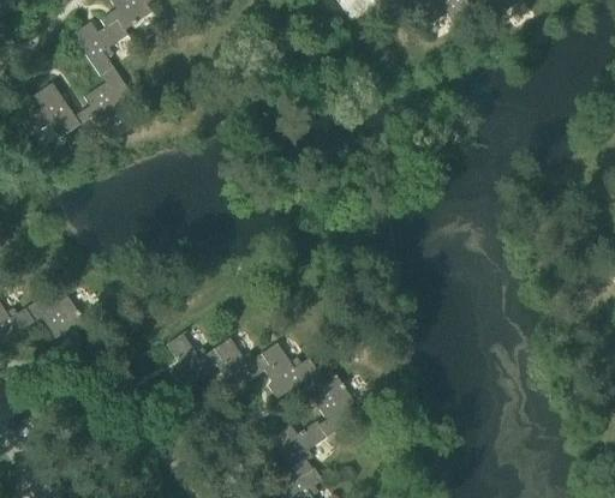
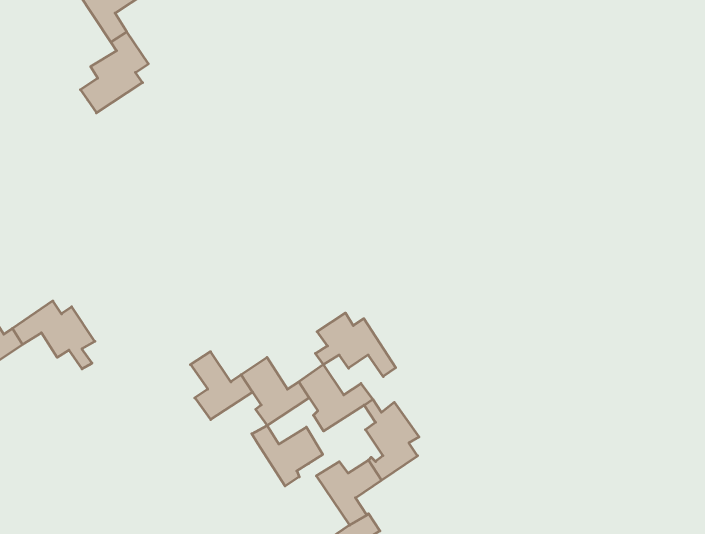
building: [20,82,80,136] -> none
building: none -> [315,313,396,377]
building: none -> [252,425,323,486]

